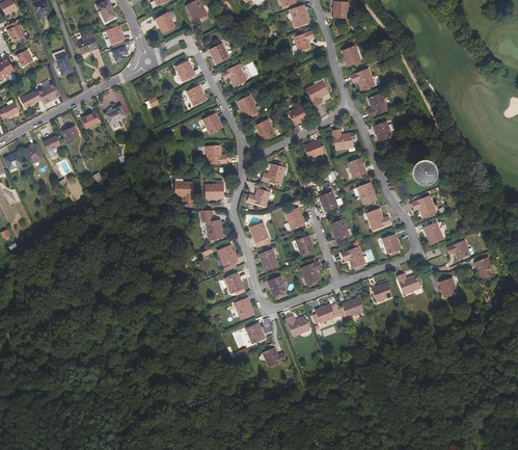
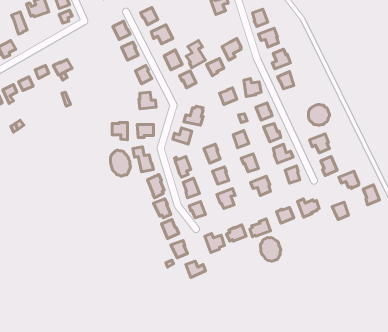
building: none -> [186,40,206,68]
building: none -> [110,150,130,176]
building: none -> [261,237,281,261]

